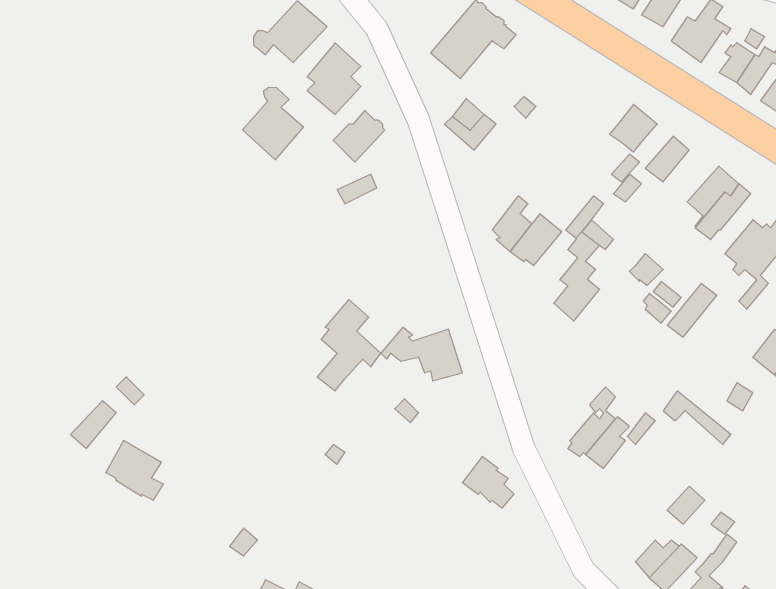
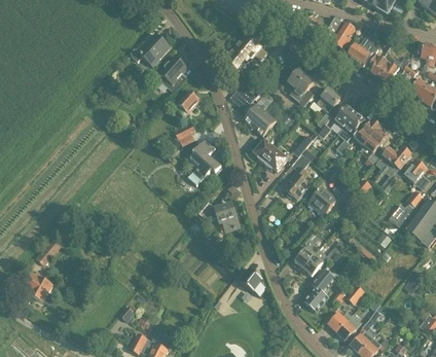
building: none -> [289,69,314,104]
building: [243,87,303,160] -> none
building: none -> [244,93,277,137]
building: none -> [336,111,365,153]
building: none -> [308,186,337,215]
building: [317,299,381,391] -> [188,138,221,185]
building: [106,441,163,500] -> [25,273,55,304]
building: none -> [304,271,334,311]

